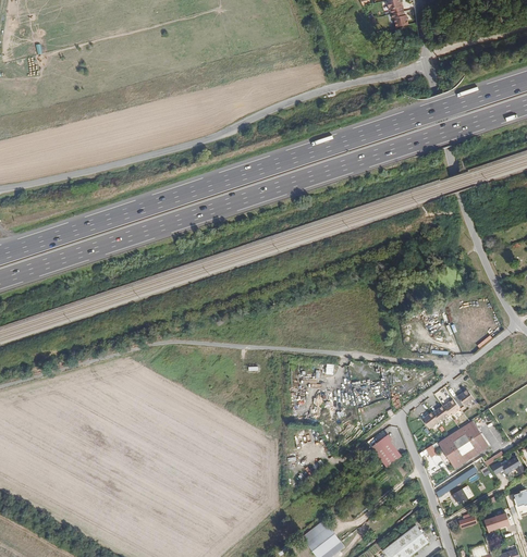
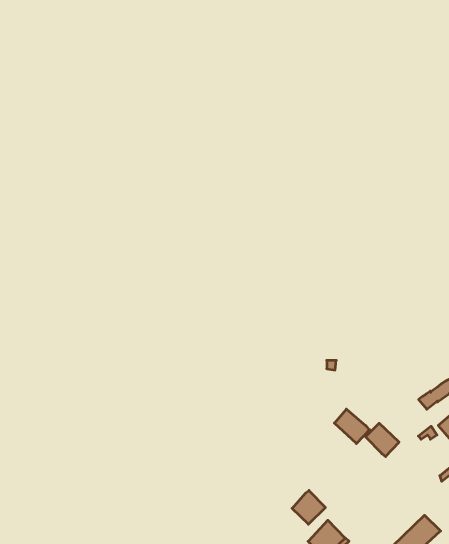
building: none -> [334,409,370,444]
building: none -> [292,490,325,524]

